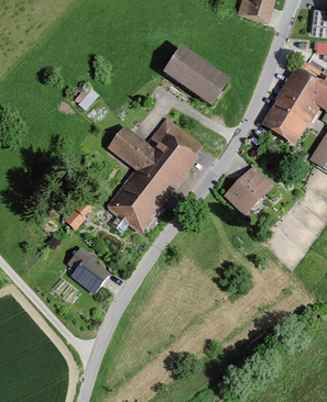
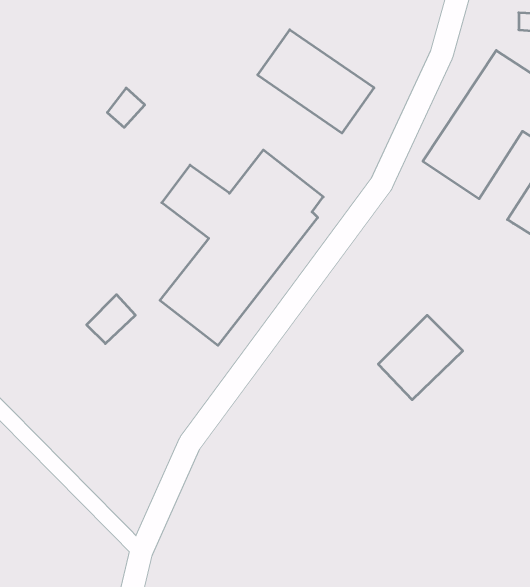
building: [224,165,273,214] -> [378,315,463,400]
building: [67,247,108,293] -> none

